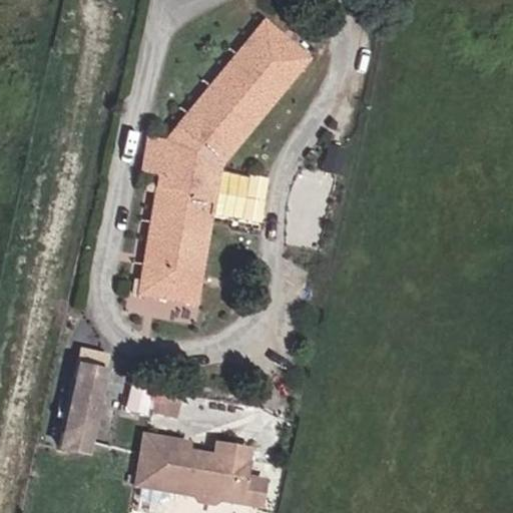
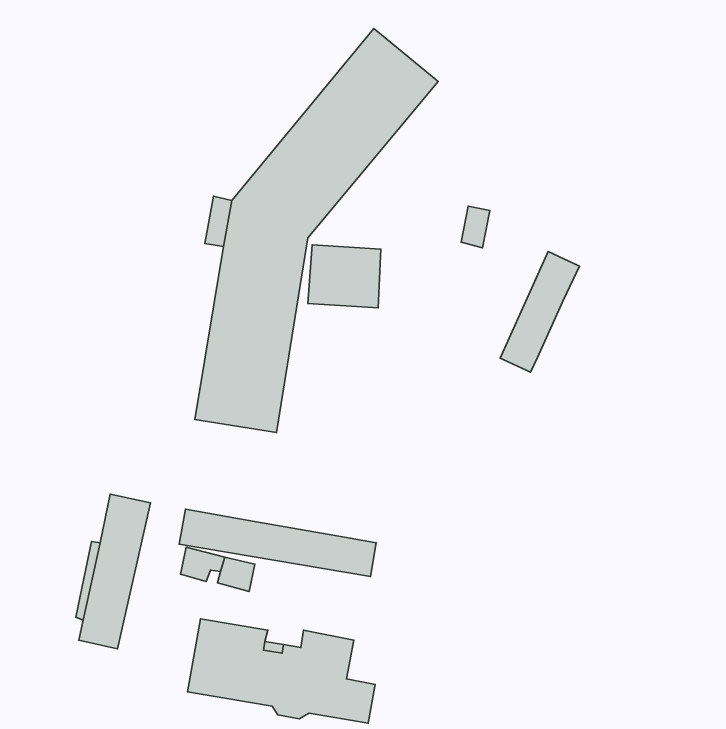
building: none -> [500,251,580,372]
building: none -> [179,509,376,577]

